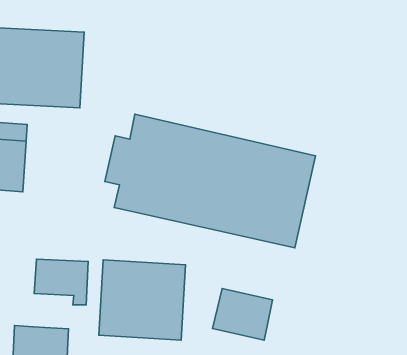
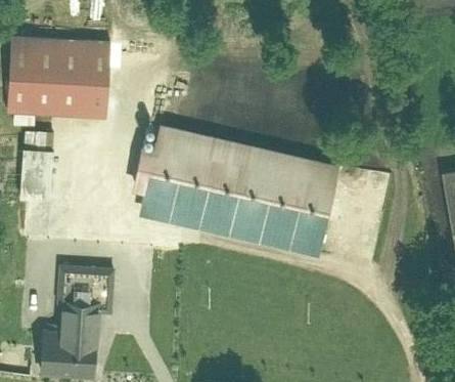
building: [99,260,186,340] -> none
building: [212,288,273,340] -> none
building: none -> [60,301,100,337]

